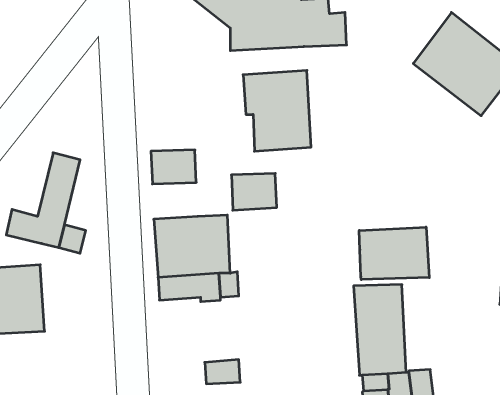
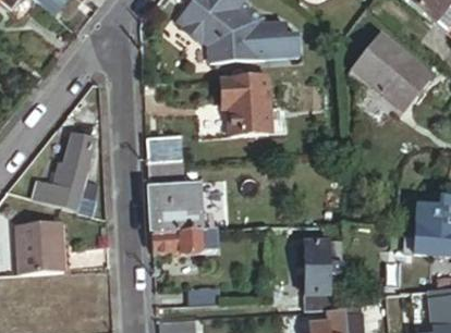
building: [231,173,277,210] -> [148,161,183,189]
building: [359,227,429,280] -> none

